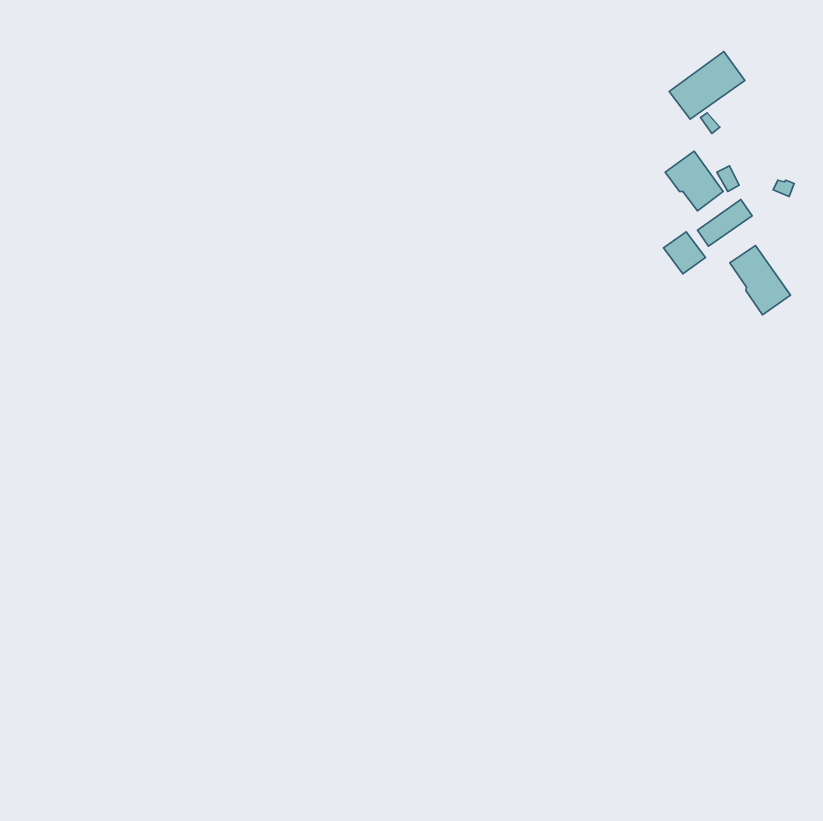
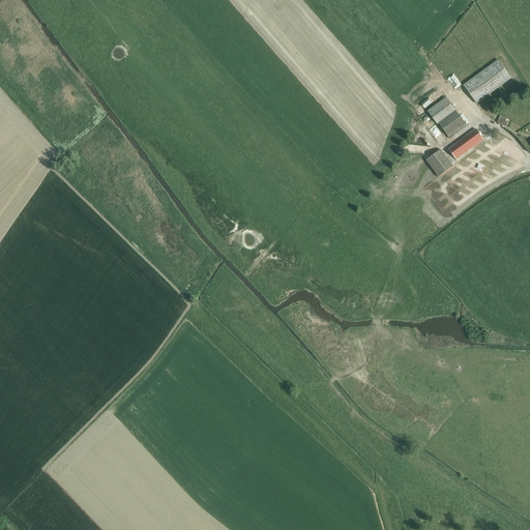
building: [669,51,745,119] -> [463,59,511,102]
building: [730,246,790,315] -> none

